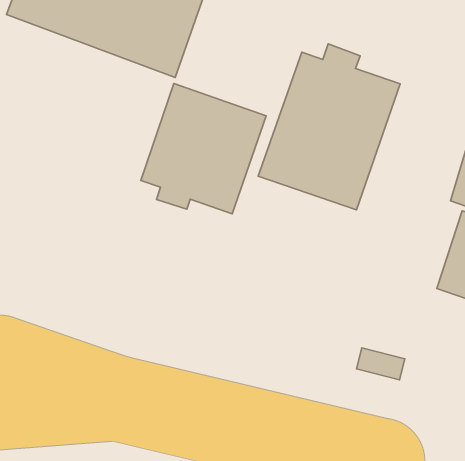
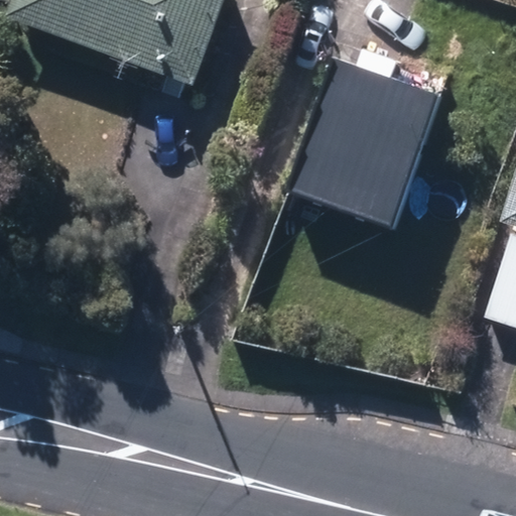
building: [141,83,266,214] -> none

